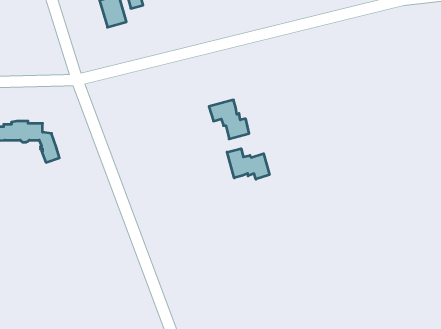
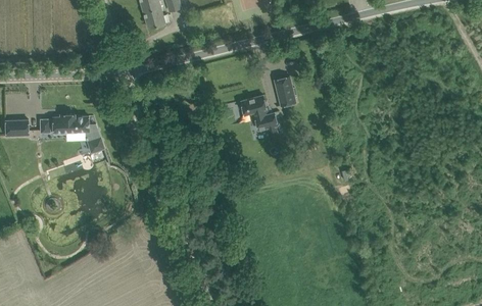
building: none -> [274,76,295,106]
building: [227,149,269,179] -> none

